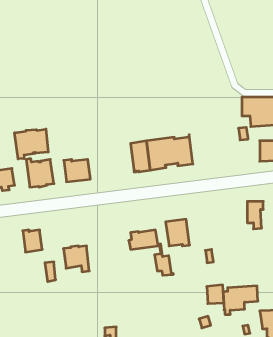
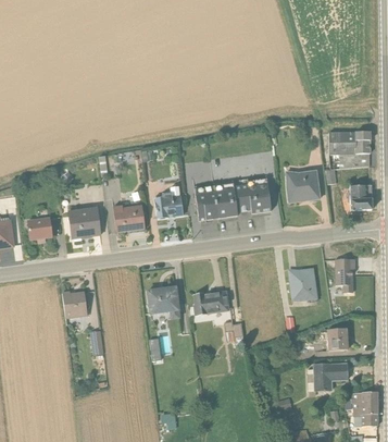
building: none -> [285,167,322,201]
building: [15,129,48,159] -> none
building: none -> [154,186,184,219]
building: [166,219,190,246] -> [289,267,318,299]
building: [63,246,89,272] -> [148,287,179,319]
building: [207,285,224,304] -> [328,326,349,348]

